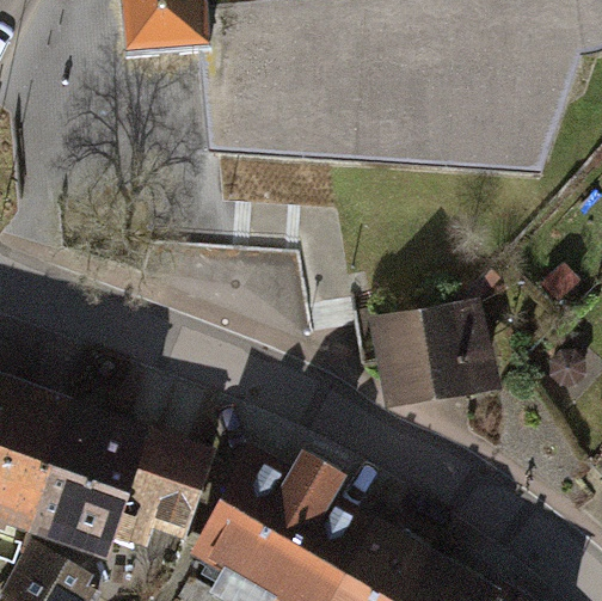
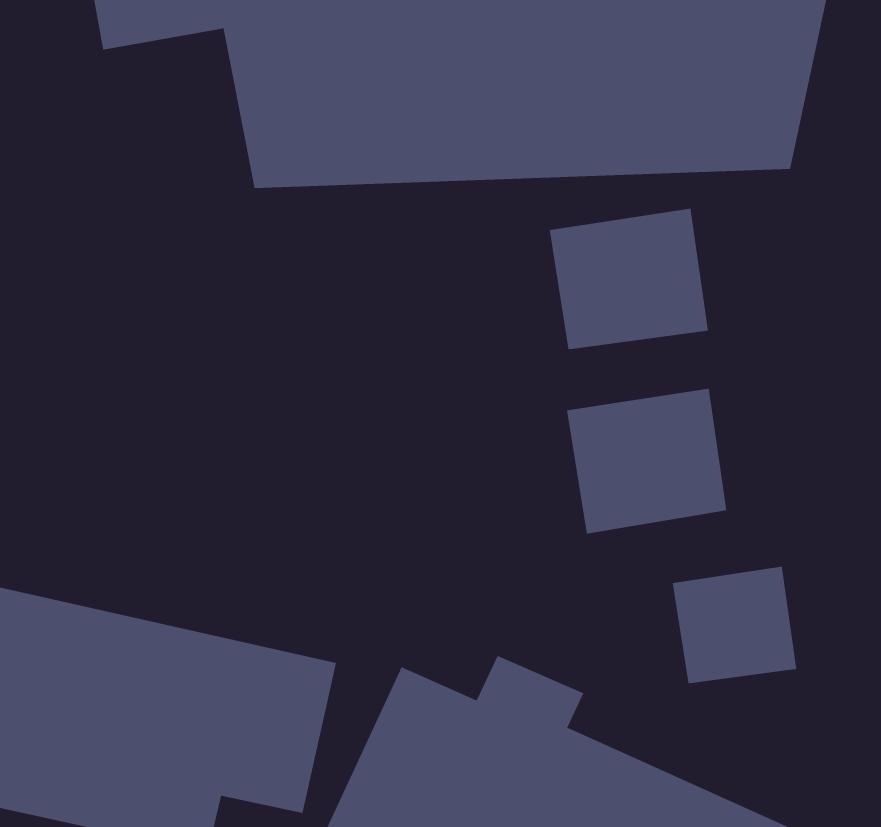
building: none -> [549,208,709,350]
building: none -> [672,566,797,684]

